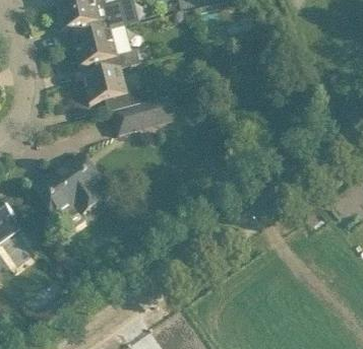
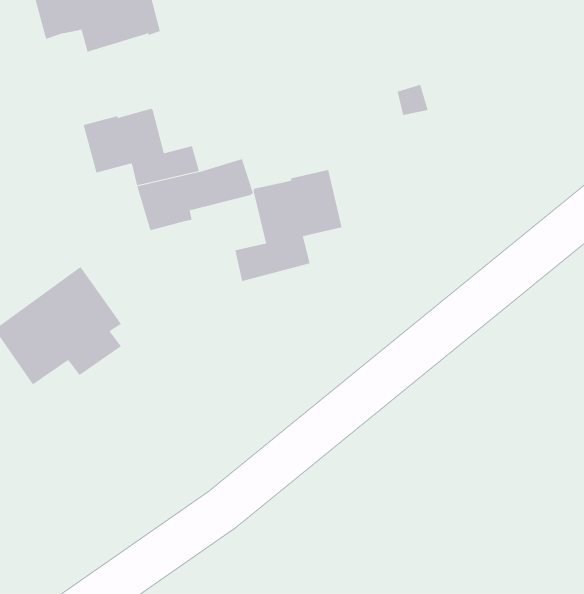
building: [74,27,141,74] -> none
building: none -> [235,169,342,282]

